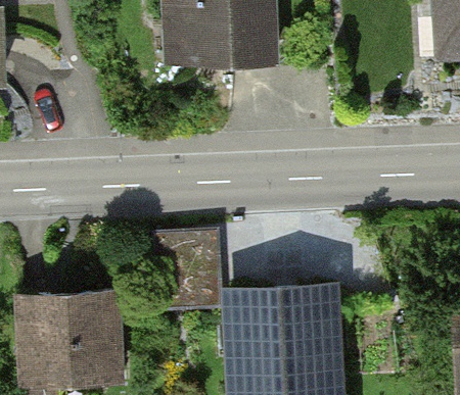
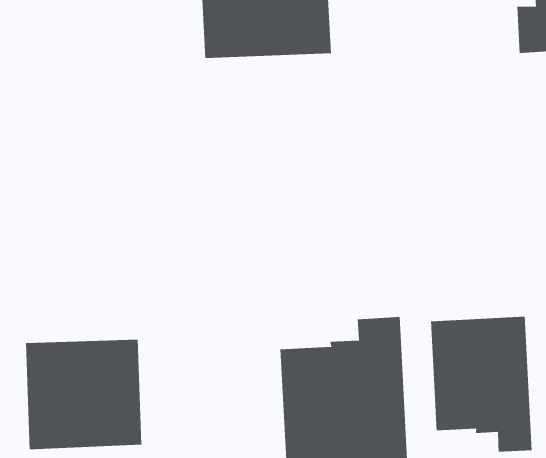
building: none -> [430,316,532,452]

